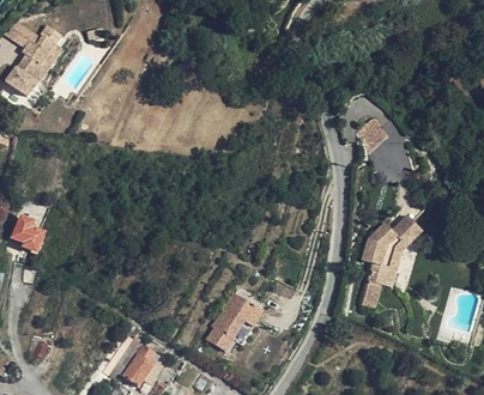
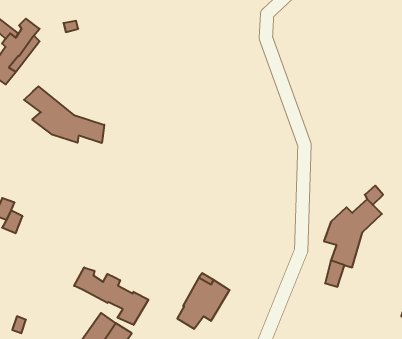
building: none -> [24,86,104,143]
building: none -> [74,267,148,325]

